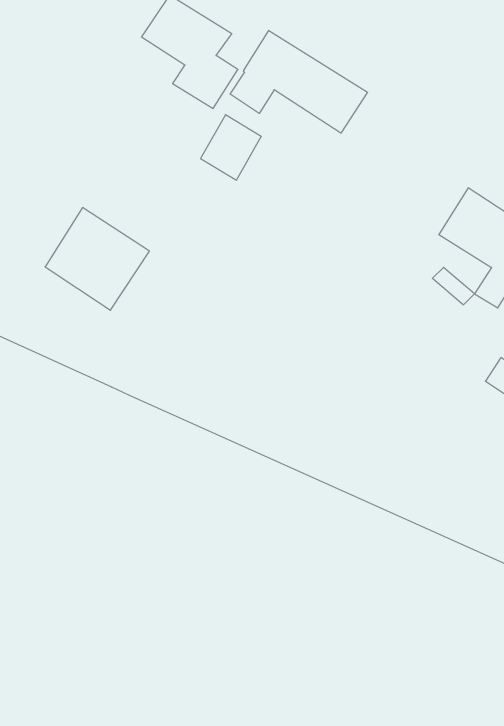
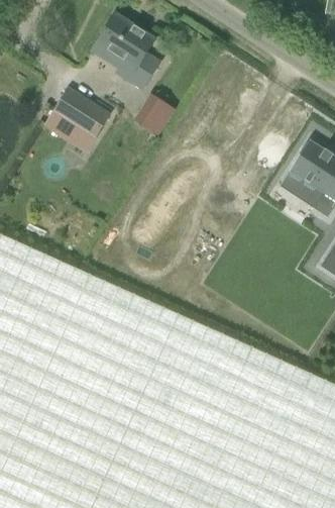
building: [230,30,368,133] -> none
building: [45,208,149,310] -> [43,88,111,155]

